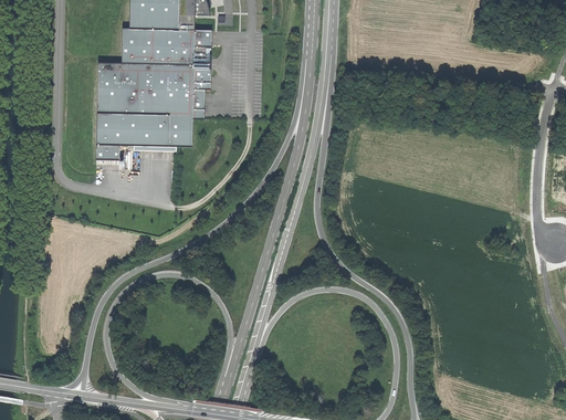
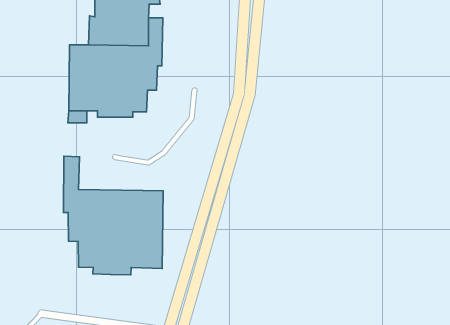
building: none -> [63,156,163,275]

